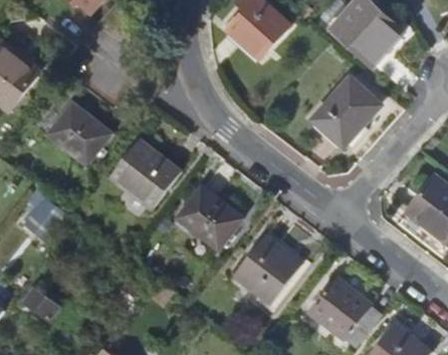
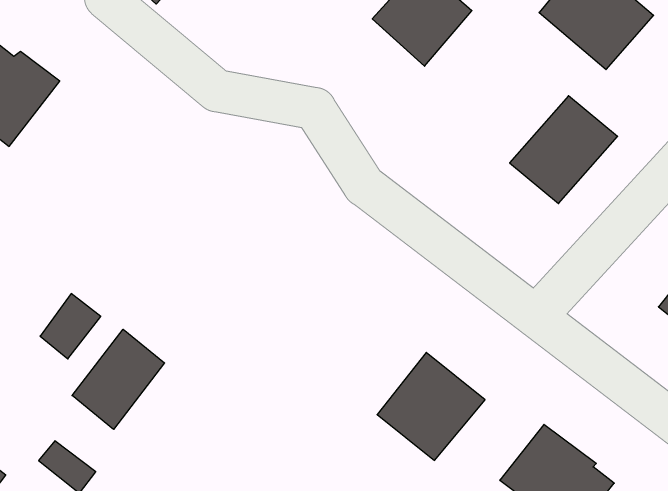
building: [45,102,109,164] -> none
building: [109,137,180,207] -> none
building: [176,188,240,251] -> none
building: none -> [72,329,165,429]

